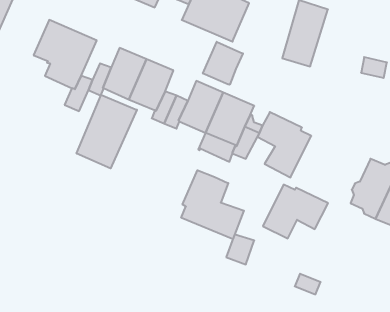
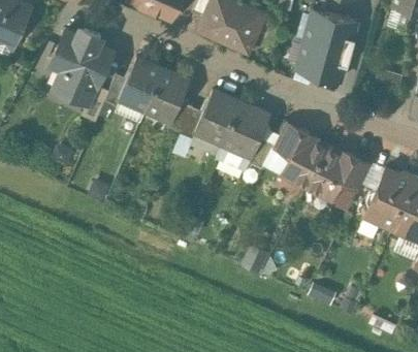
building: [203,42,243,85] -> none
building: [77,95,137,168] -> none
building: [181,170,244,239] -> none
building: [263,185,328,238] -> [306,148,371,201]

